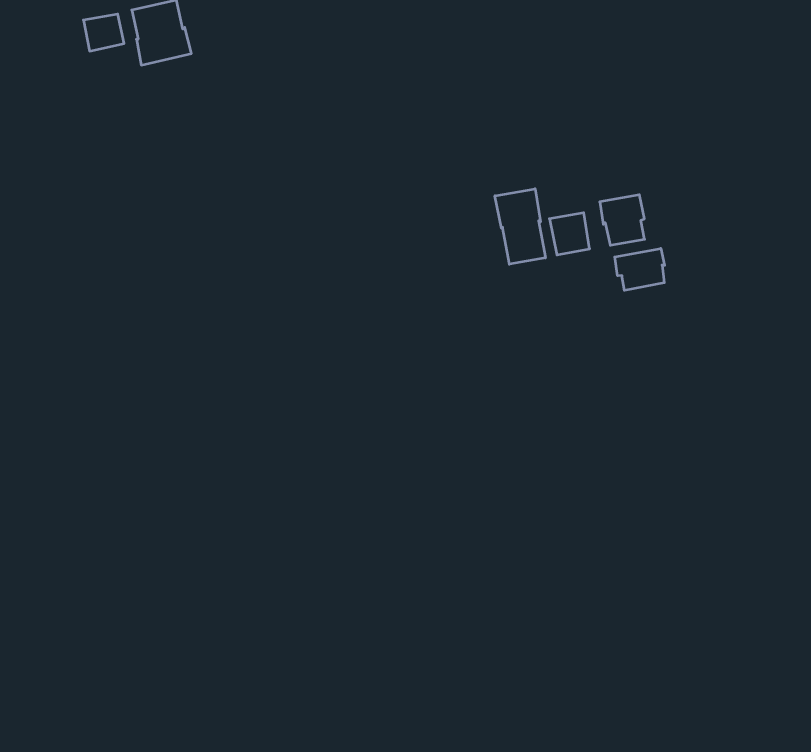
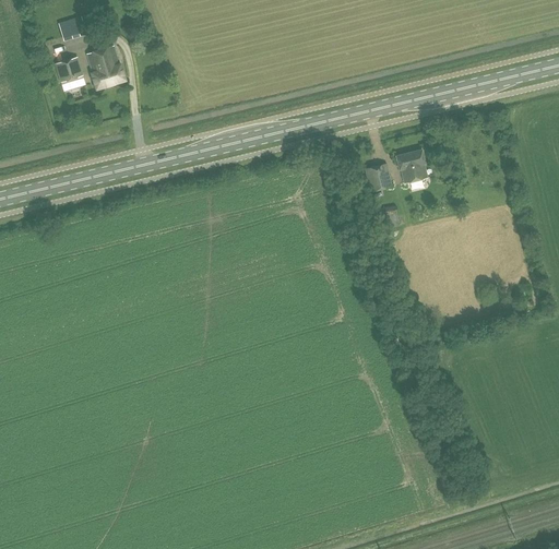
building: [495,189,545,264] -> none
building: [615,248,665,290] -> none

